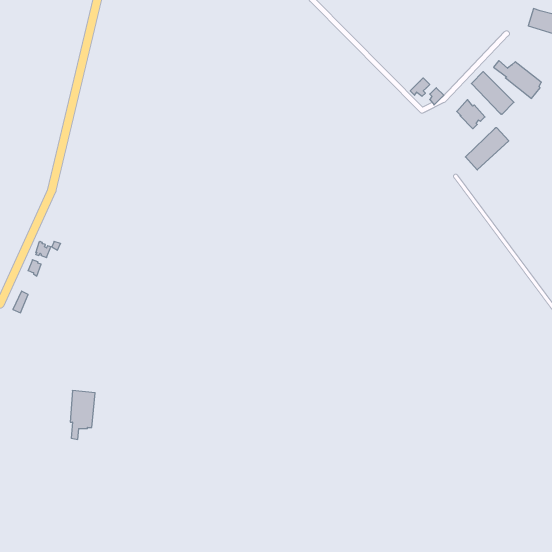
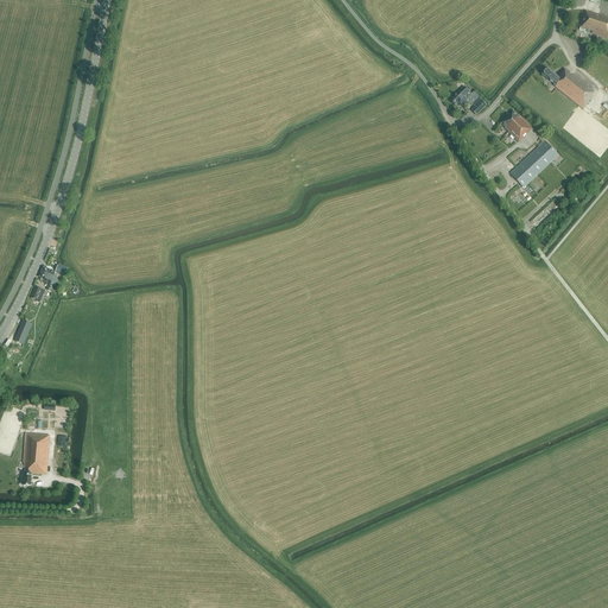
building: [471,72,514,114] -> none
building: [70,391,95,439] -> [24,432,51,486]

